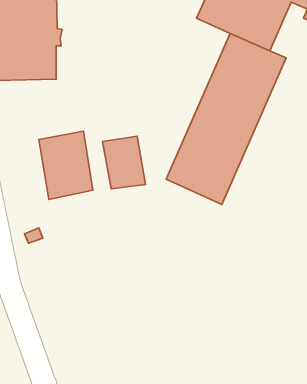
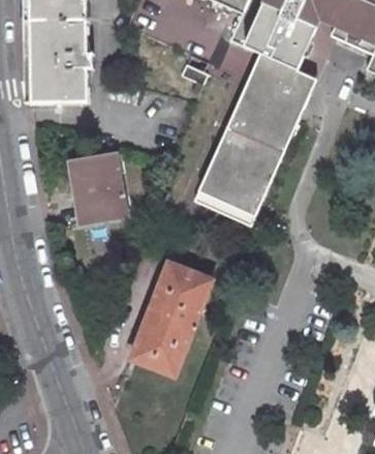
building: [102,136,145,189] -> none
building: none -> [127,258,209,371]

